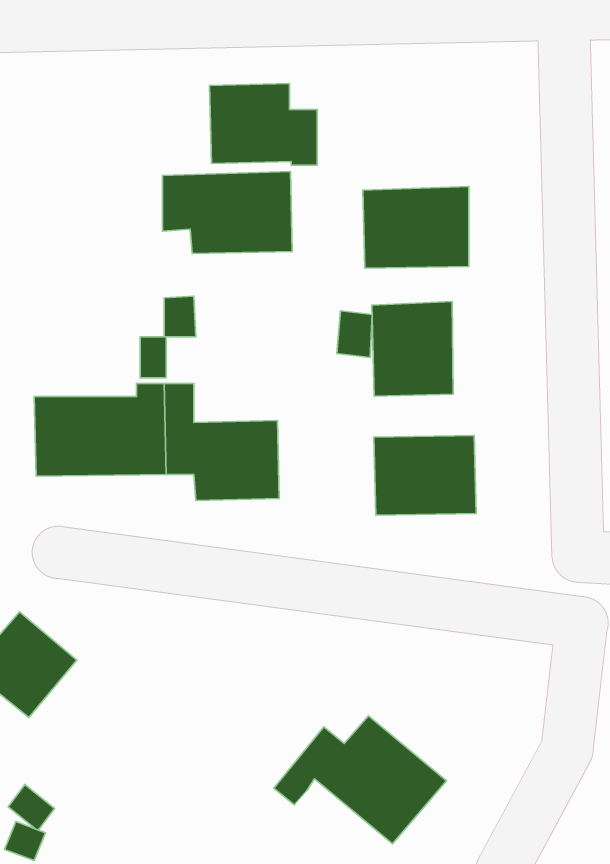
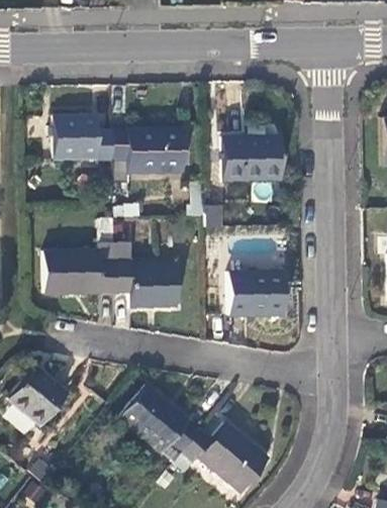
building: [210,84,317,165] -> [55,115,113,160]
building: [372,302,453,396] -> none
building: none -> [120,385,201,463]

